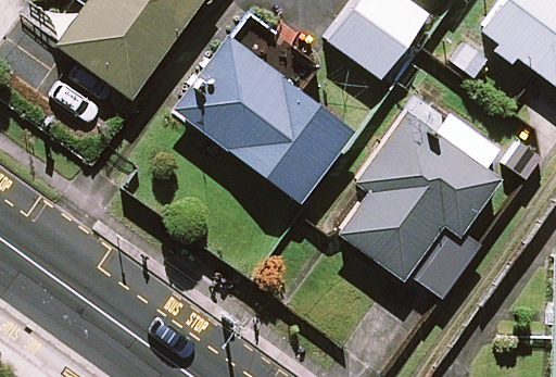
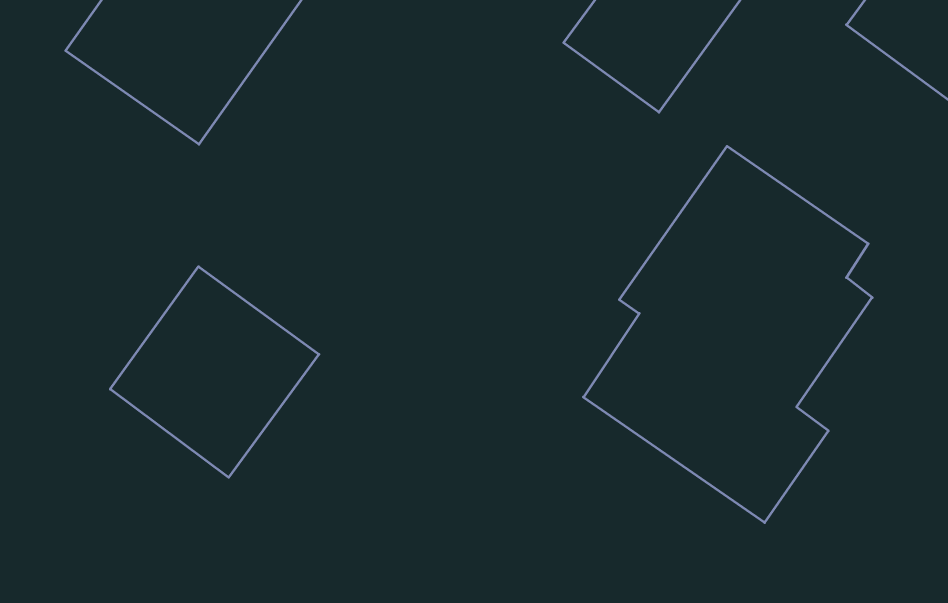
building: [178,39,353,200] -> none
building: none -> [110,267,319,477]

